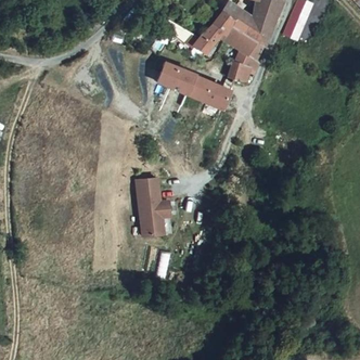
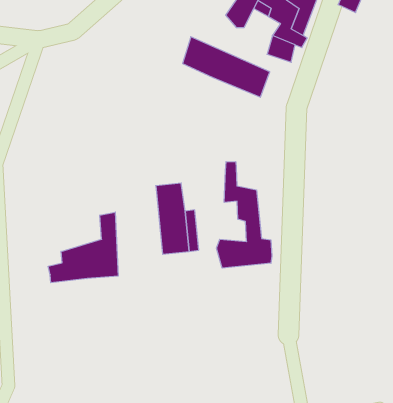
building: none -> [217,162,272,268]
building: none -> [48,212,118,283]

